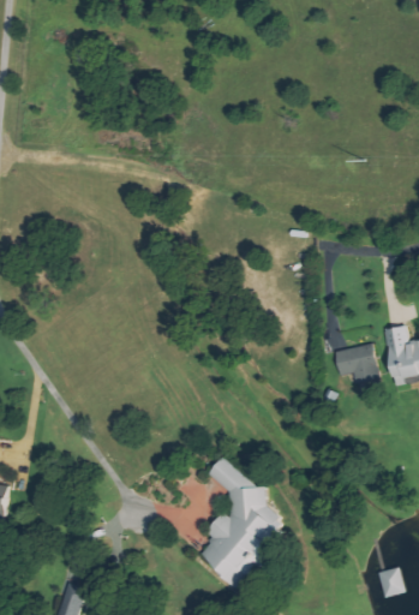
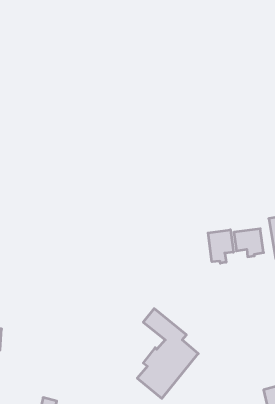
building: none -> [208,230,233,263]

